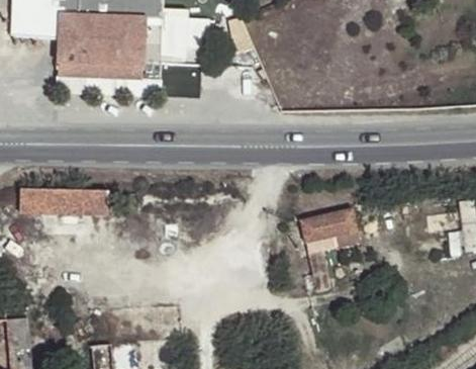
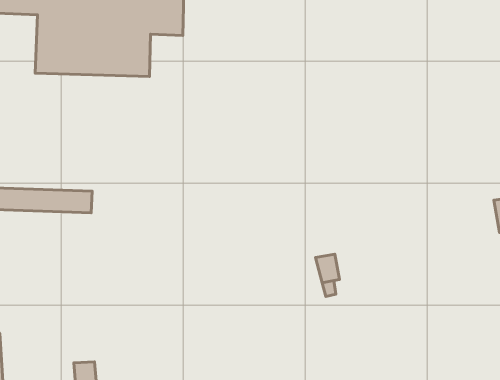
building: [298,209,354,241] -> none

